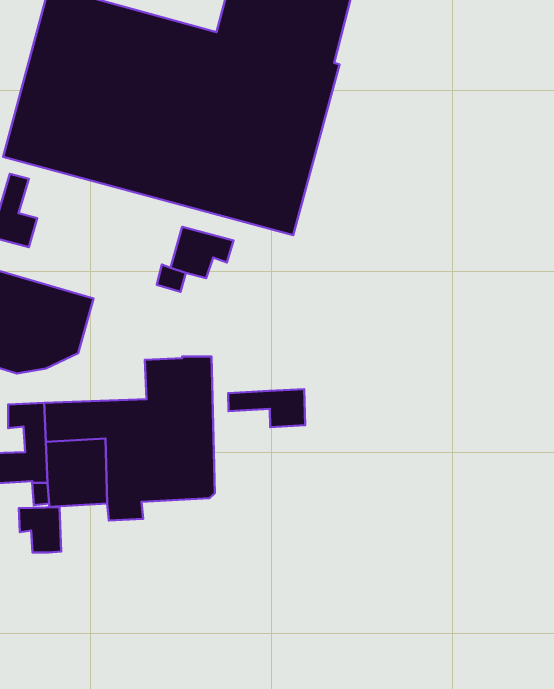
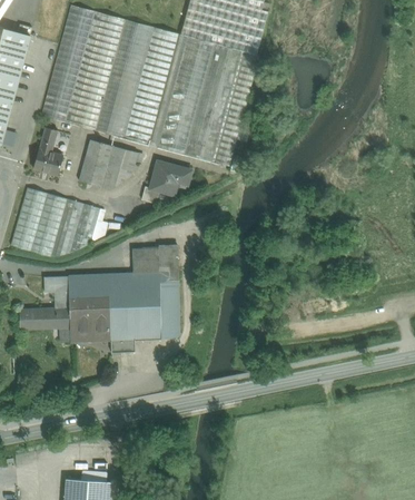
building: none -> [78,139,137,189]
building: [228,389,305,427] -> none
building: [19,507,61,553] -> none

